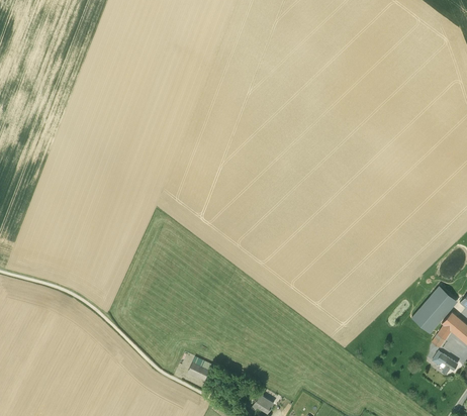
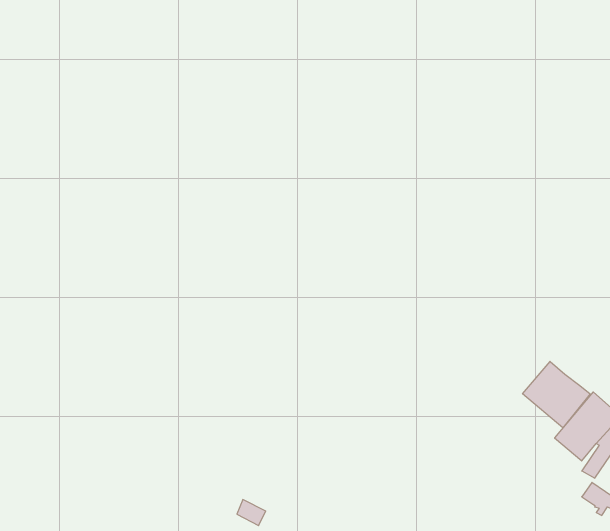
building: none -> [523,361,590,428]

